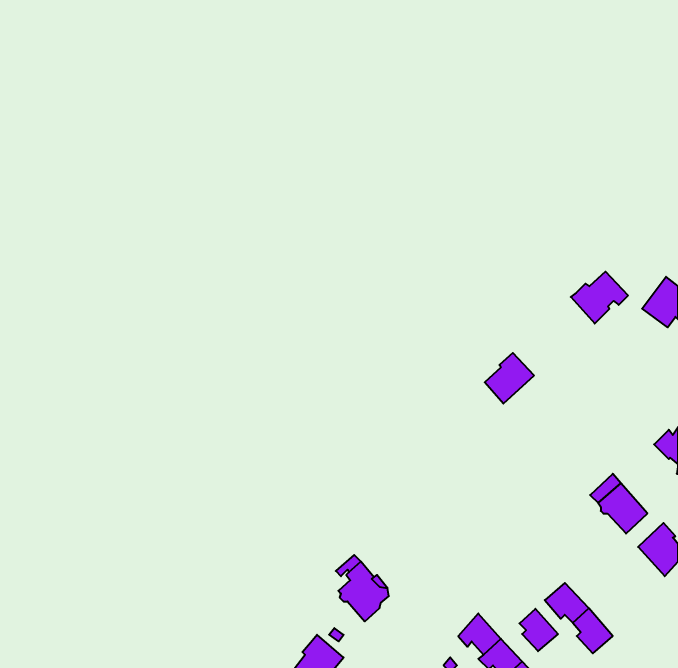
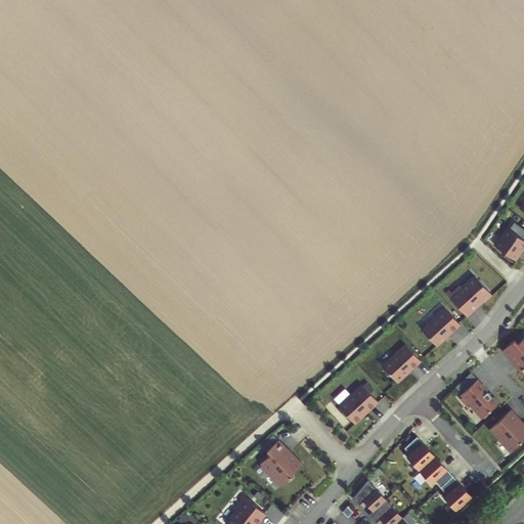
building: [571,272,628,324] -> [447,277,491,317]
building: [485,353,534,404] -> [422,308,460,347]
building: none -> [382,345,421,383]
building: none -> [339,385,378,425]
building: [519,609,558,651] -> [404,438,434,471]

